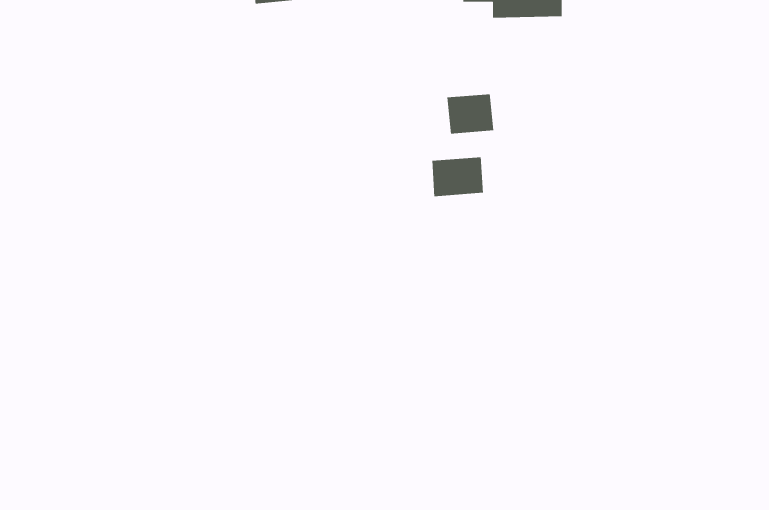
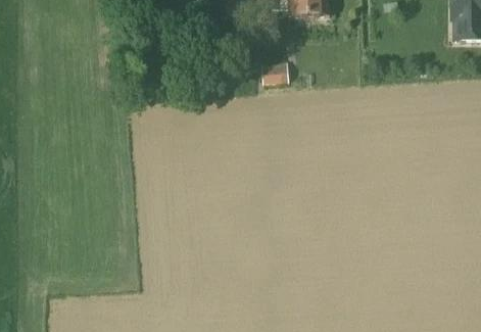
building: [432,156,483,197] -> none

